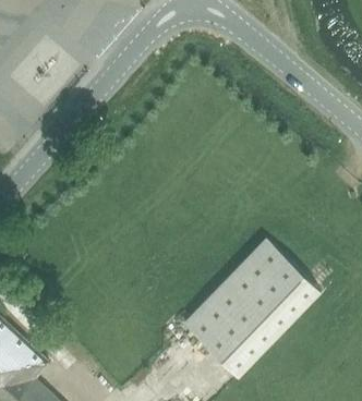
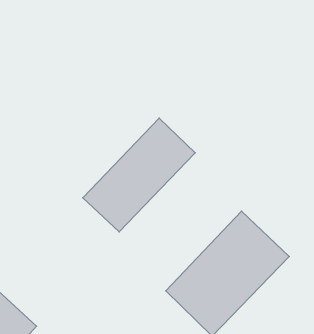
building: none -> [83,118,195,232]

